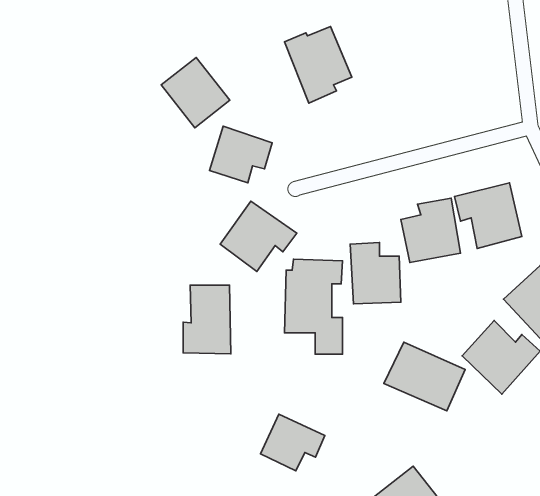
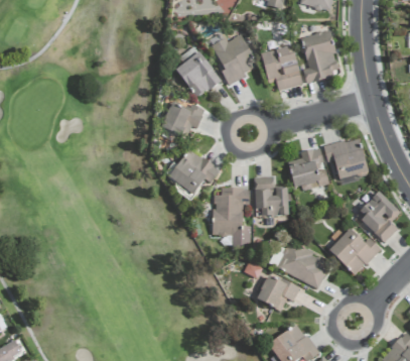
building: none -> [301,30,338,83]
building: none -> [261,46,300,91]
building: [161,57,230,128] -> [175,52,221,99]
building: [183,285,231,354] -> none
building: [260,414,325,471] -> [257,273,299,311]

